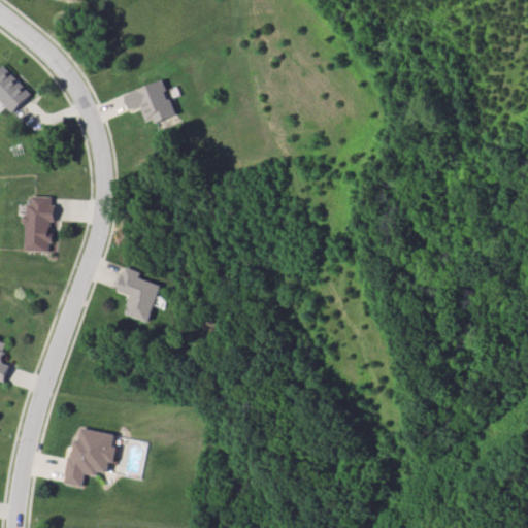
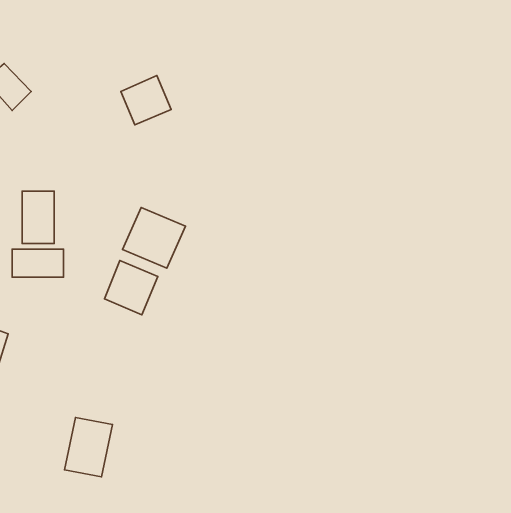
building: none -> [123,207,185,268]
building: none -> [12,249,64,277]

